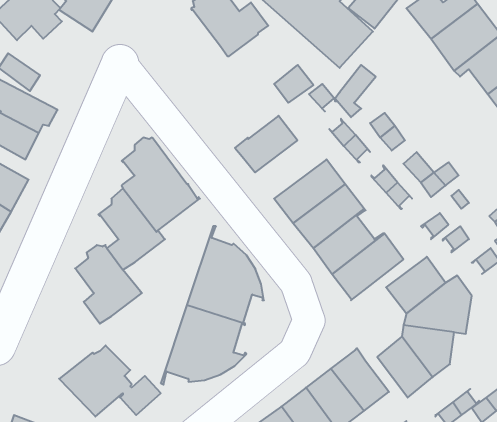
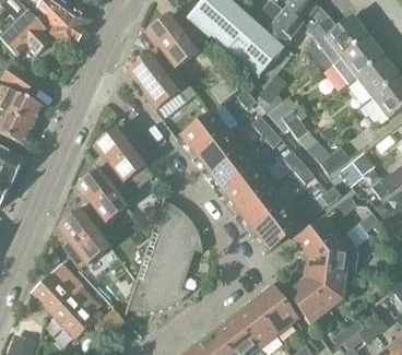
building: none -> [129,54,197,107]
building: none -> [196,125,249,174]
building: none -> [32,261,83,309]

